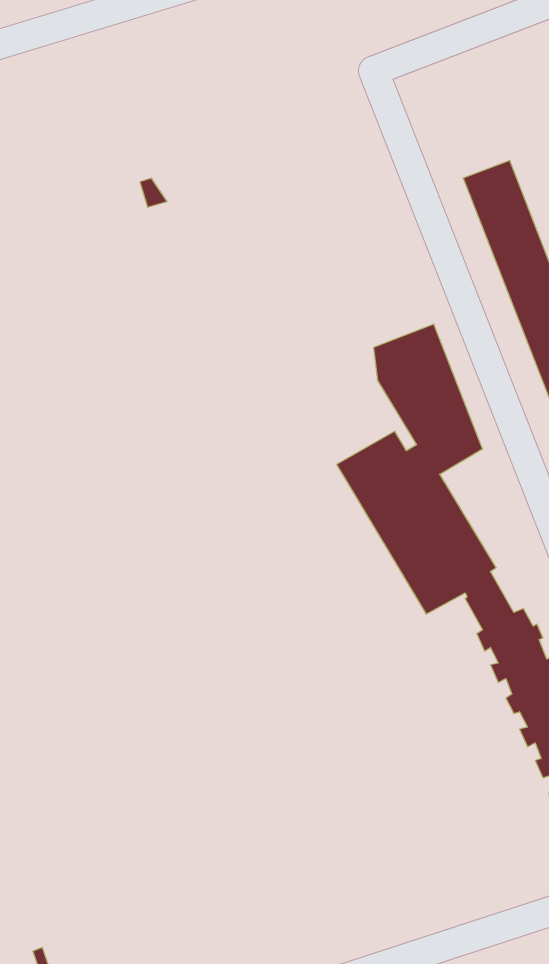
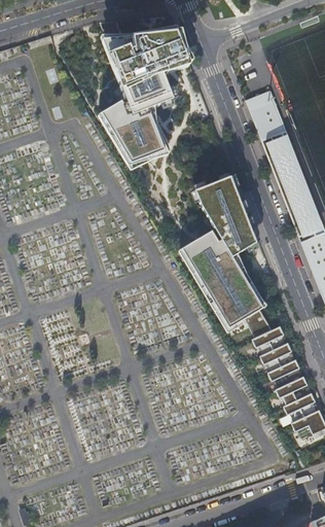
building: none -> [102,31,185,163]

